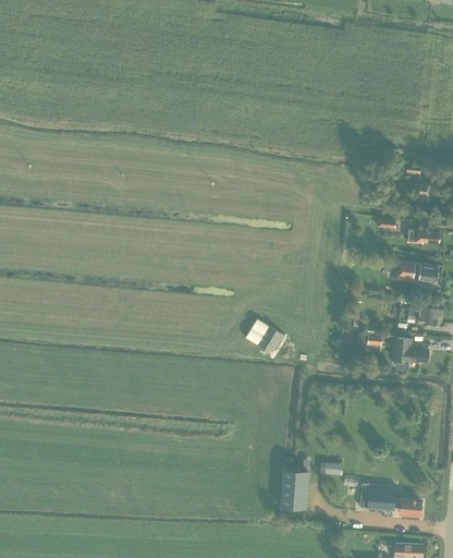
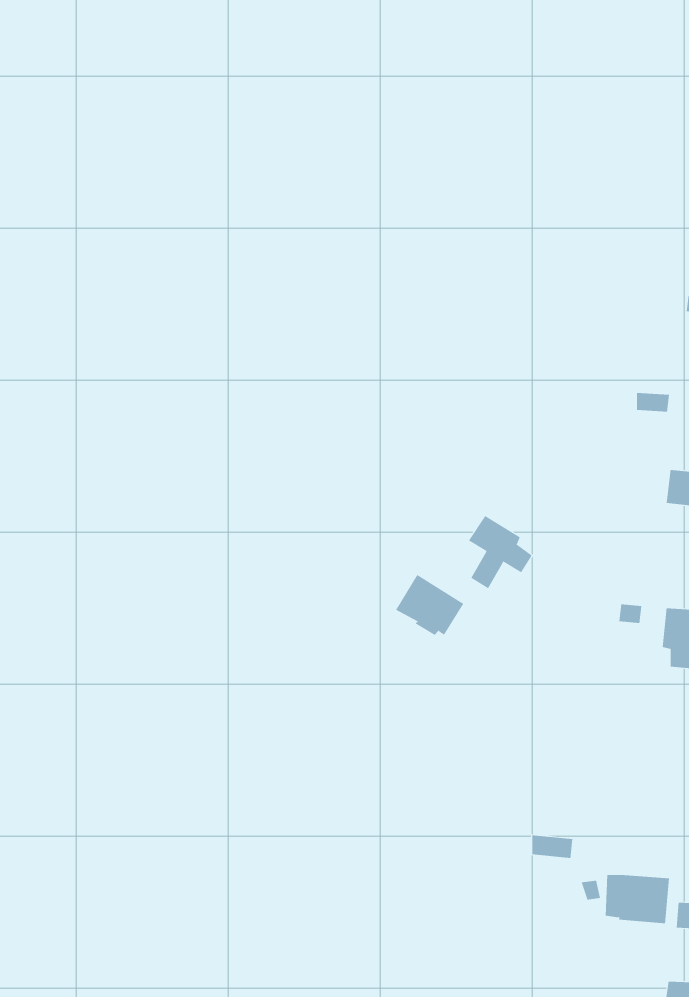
building: none -> [468,515,532,589]
building: [280,470,307,508] -> none

